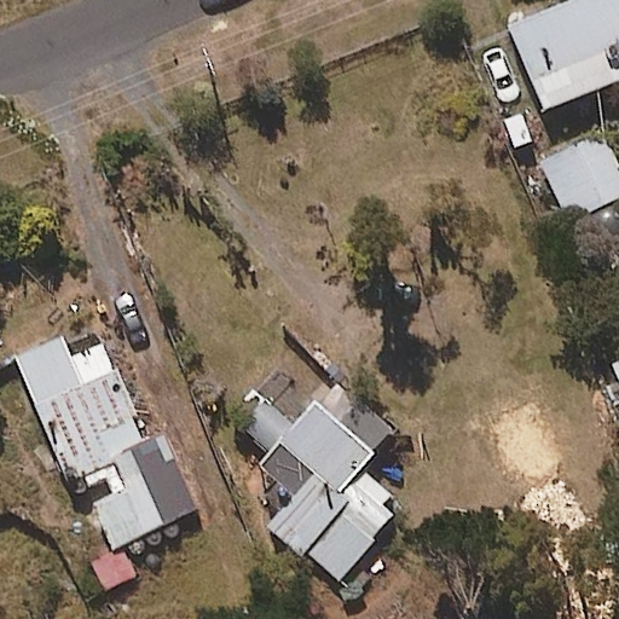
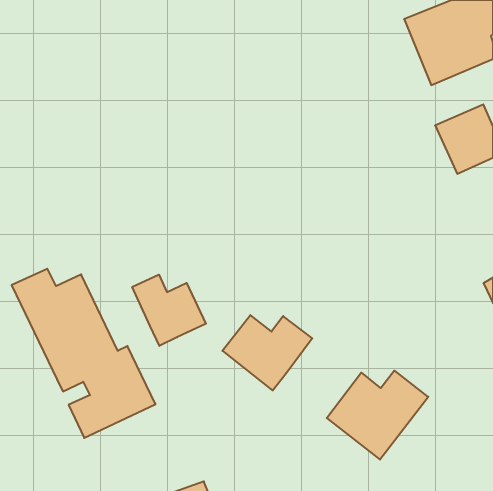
building: none -> [132,275,206,346]
building: [273,470,400,582] -> [327,371,428,460]

